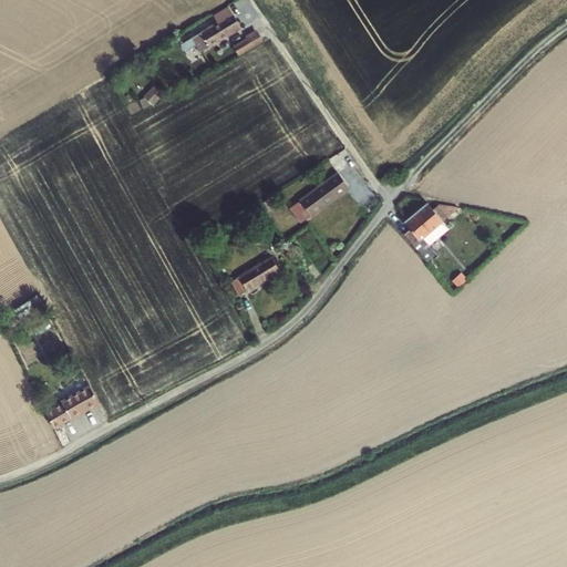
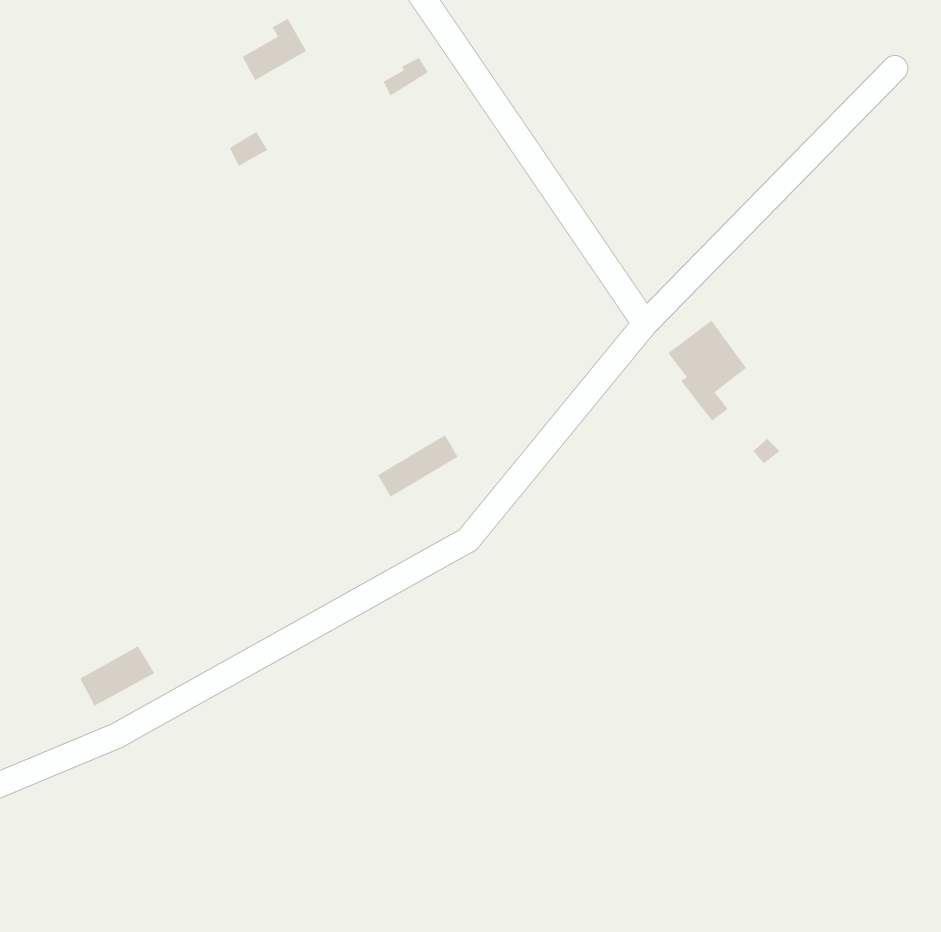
building: [196,12,235,50] -> [242,18,307,81]
building: [299,176,348,217] -> none

